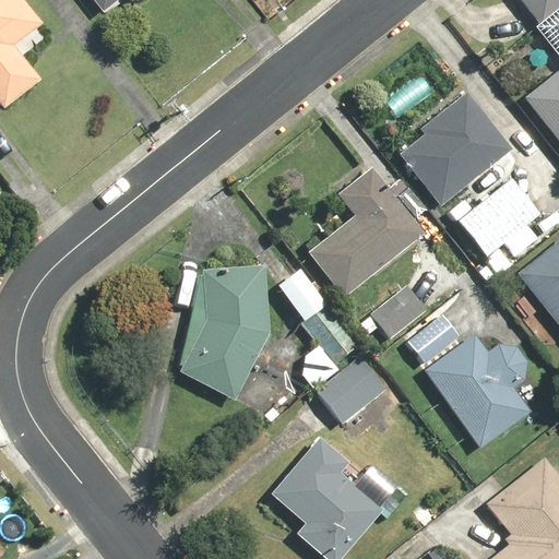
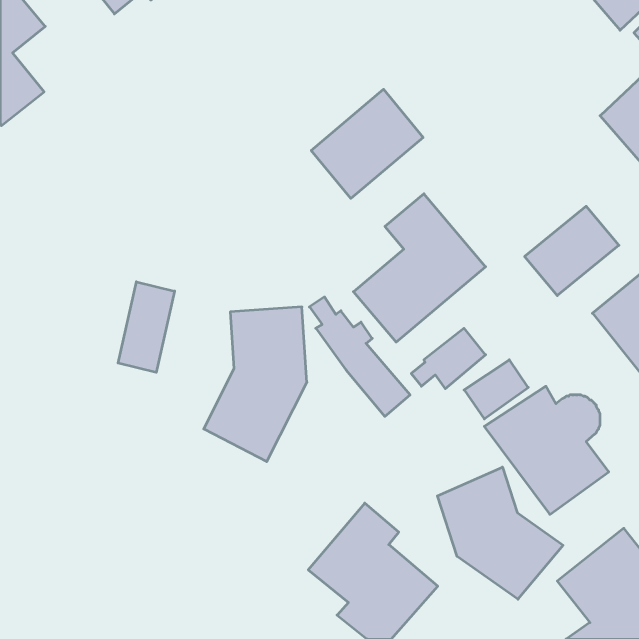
building: none -> [311,89,423,198]
building: [400,91,510,205] -> none
building: none -> [118,282,175,372]
building: [317,356,385,423] -> none
building: none -> [437,467,563,599]

